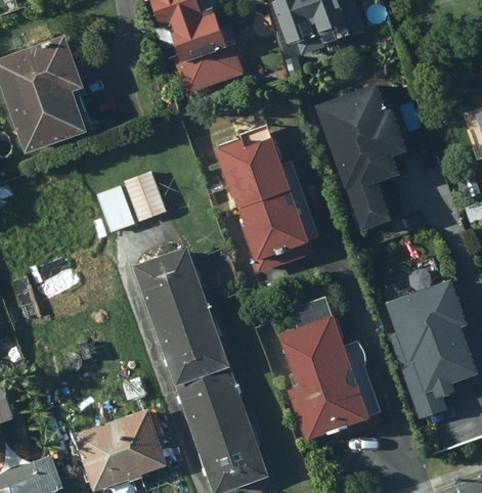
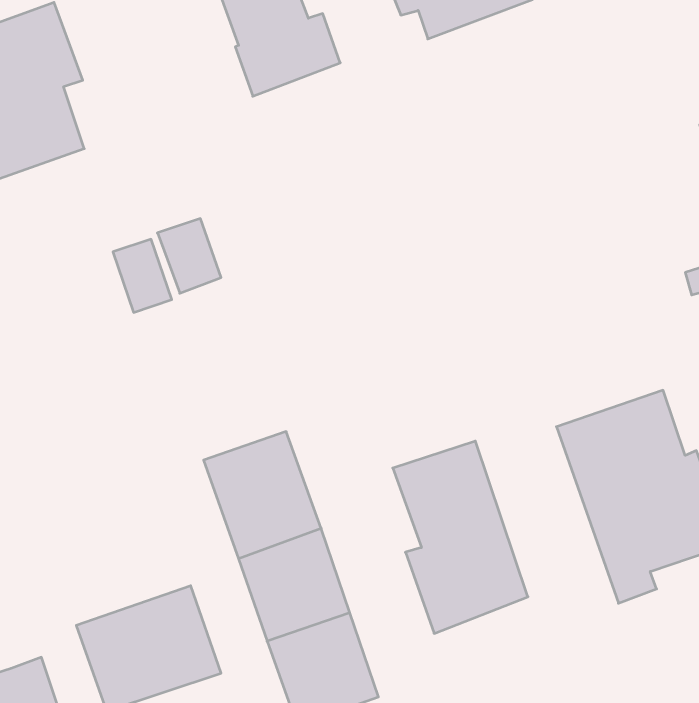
building: [315,87,418,235] -> none
building: [211,123,316,271] -> none
building: [133,246,209,327] -> none

